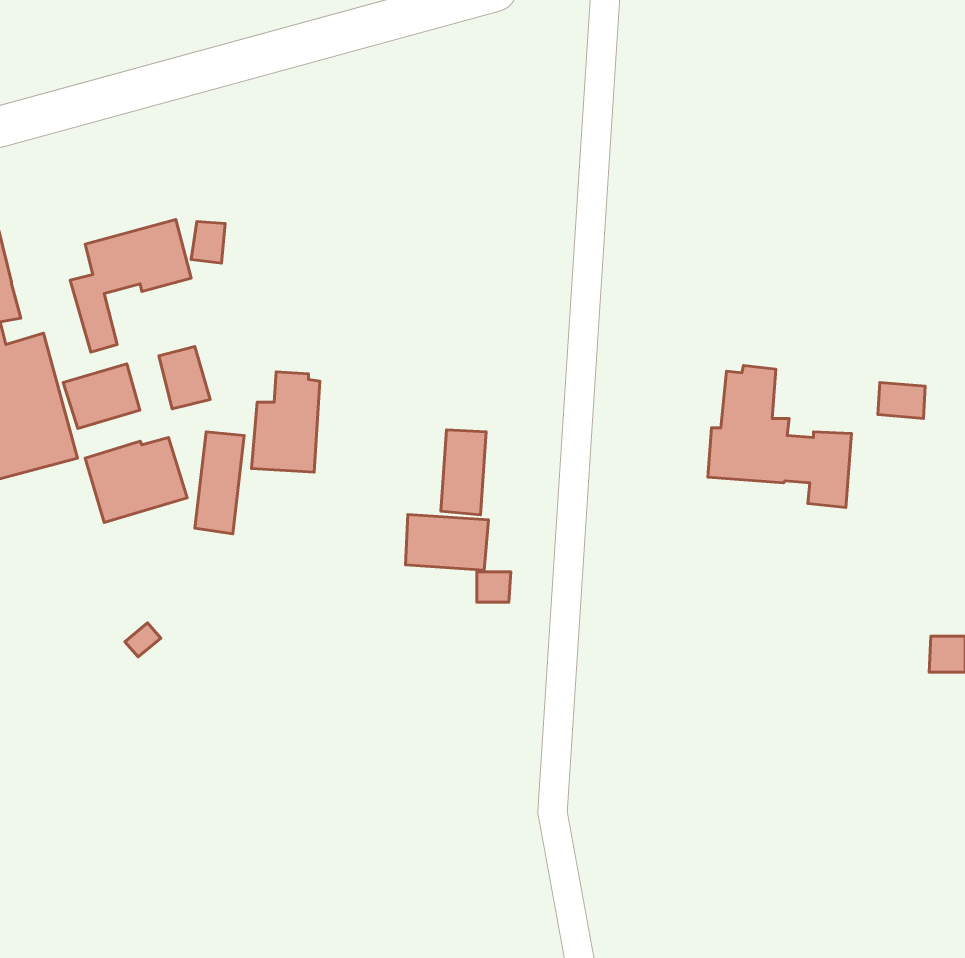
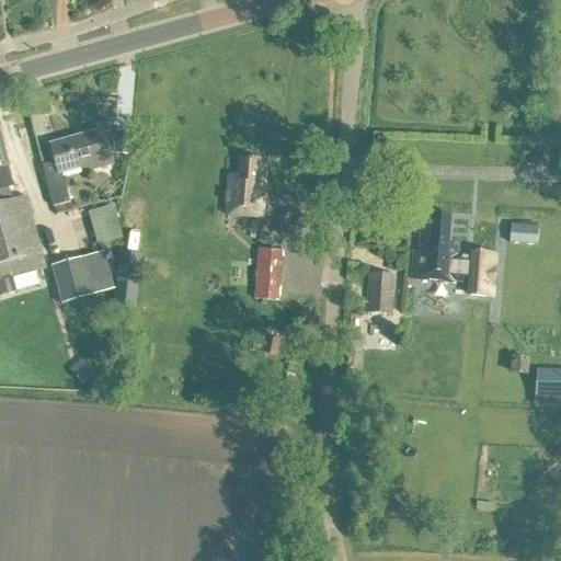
building: [63,364,140,429] -> none
building: [252,372,320,472] -> [225,156,264,214]
building: none -> [366,271,392,306]
building: [406,515,488,570] -> none

